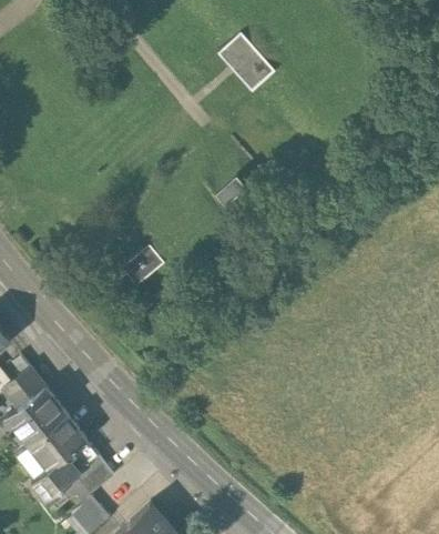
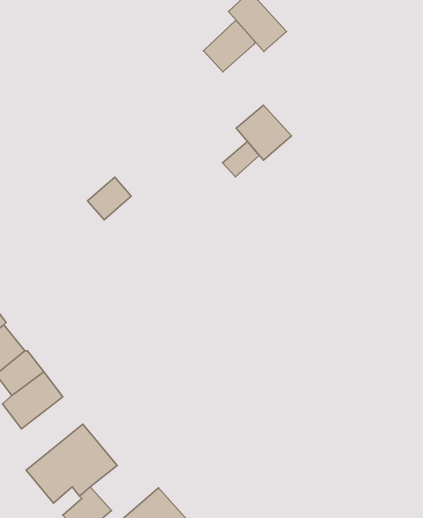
building: none -> [204,20,255,72]
building: none -> [236,105,291,160]
building: [122,245,163,285] -> [87,177,131,220]
building: [25,413,83,468] -> none

